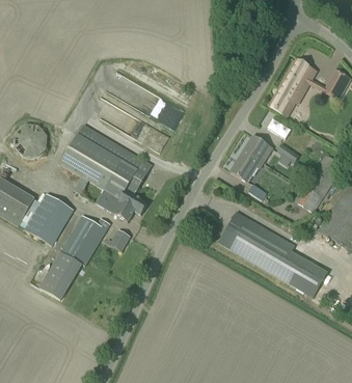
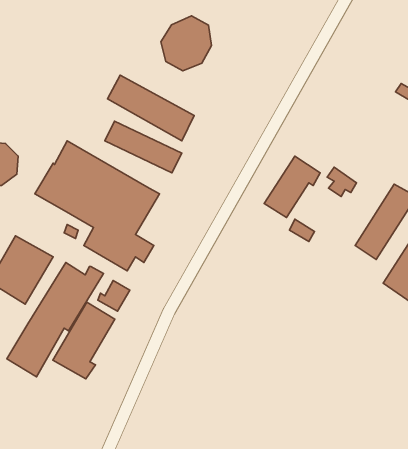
building: none -> [161,16,211,71]
building: [269,59,317,116] -> none
building: [219,211,319,292] -> none
building: none -> [53,302,115,379]

